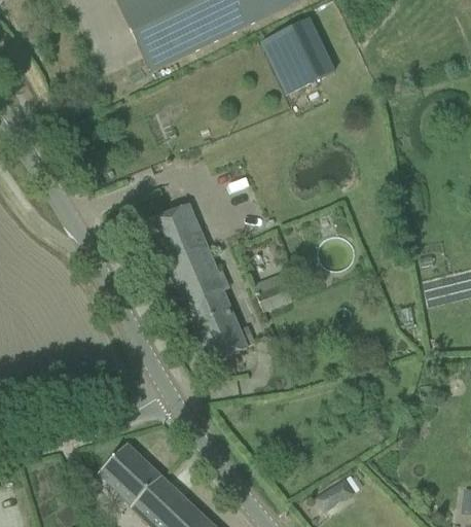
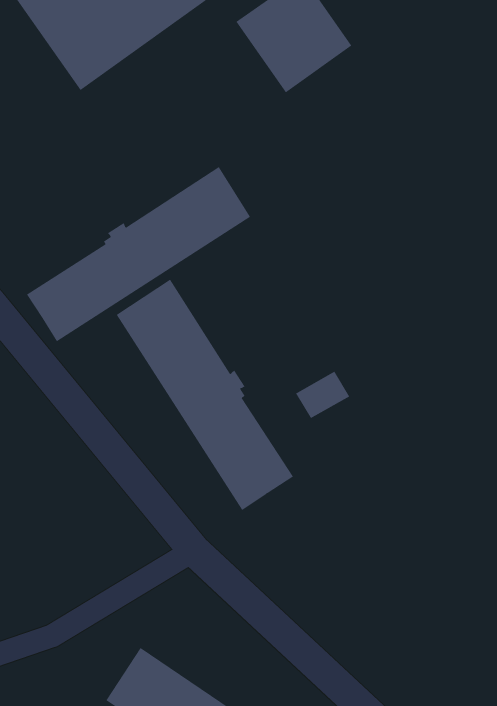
building: none -> [26,166,251,342]
building: [317,477,355,510] -> none

